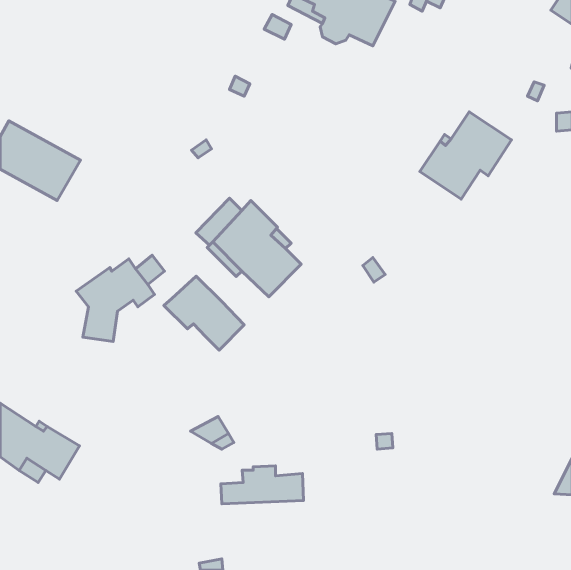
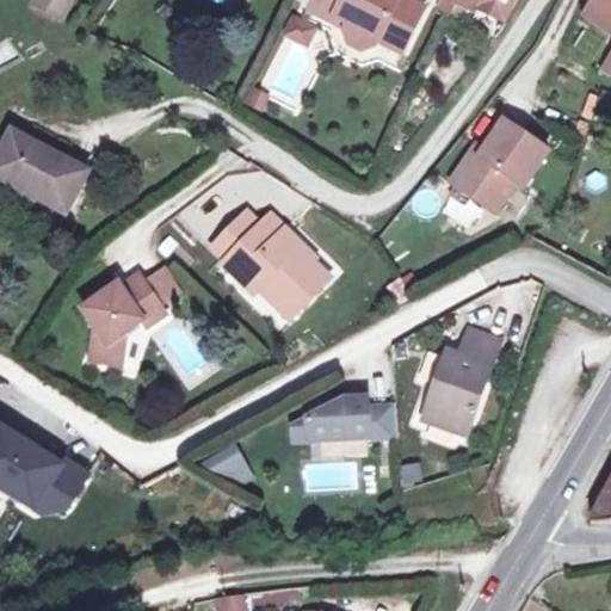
building: [164,276,244,350] -> none
building: none -> [426,327,501,430]
building: [221,466,304,504] -> [307,397,395,438]

